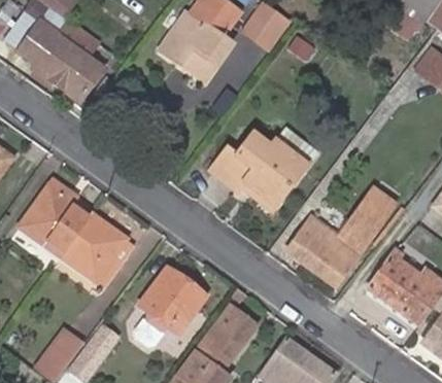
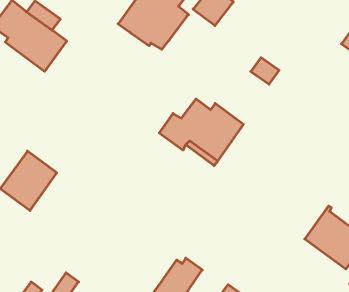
building: [290,188,399,285] -> none
building: [62,214,127,280] -> none
building: [140,269,204,334] -> none

